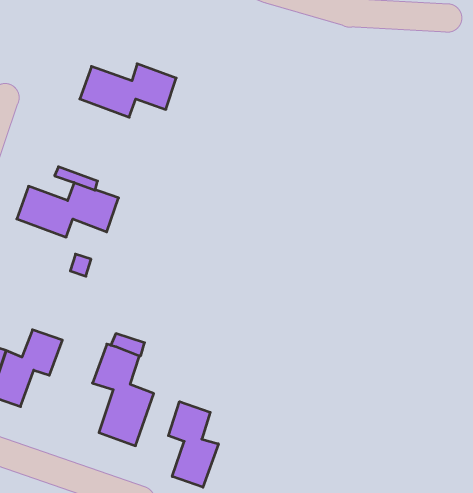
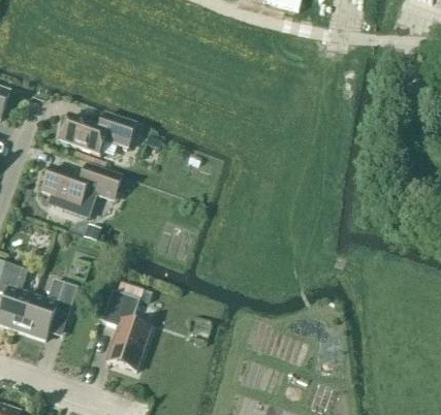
building: [80,64,176,117] -> [59,113,135,155]
building: [168,402,218,487] -> none

